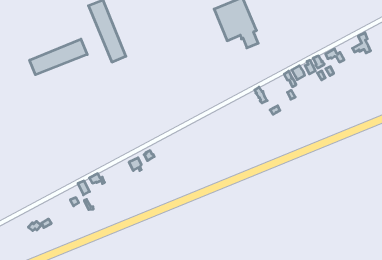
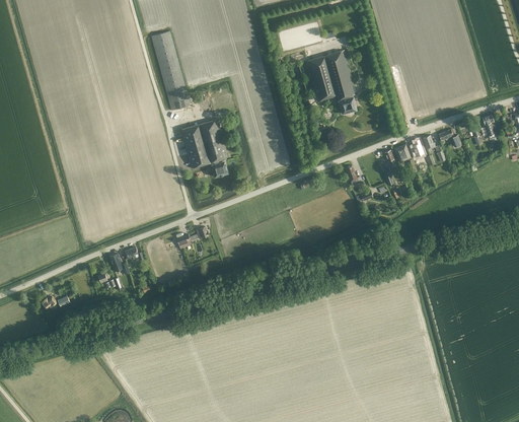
building: [30,39,87,75] -> none
building: none -> [180,119,228,177]

